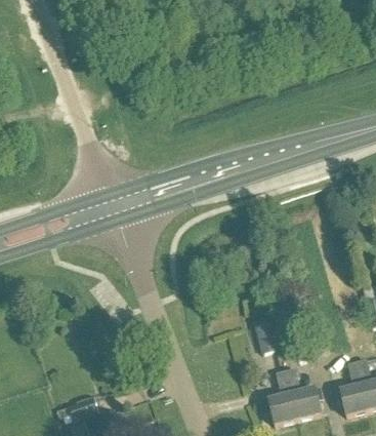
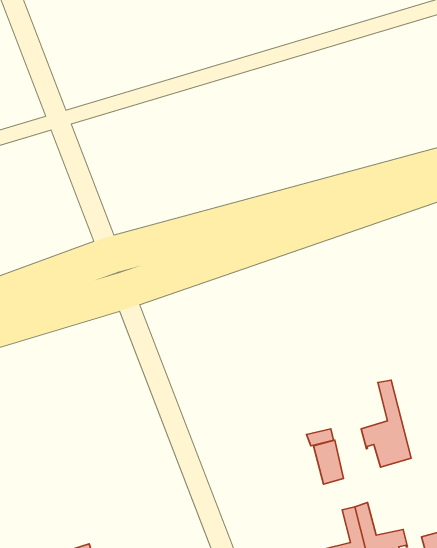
building: none -> [361,380,411,467]

